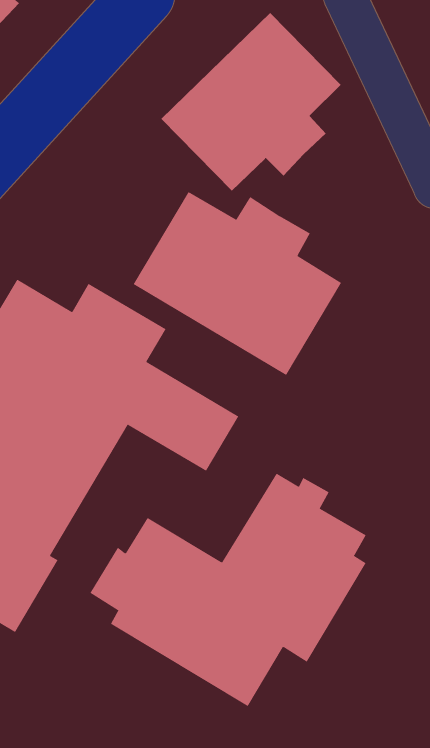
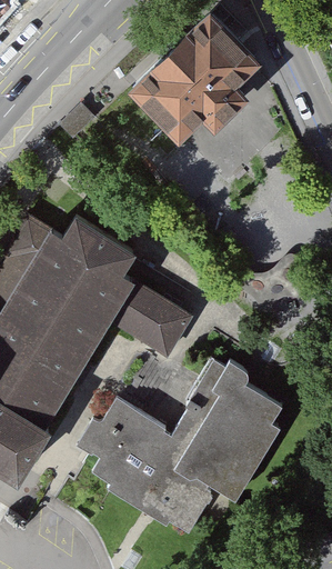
building: [133,191,342,376] -> none

